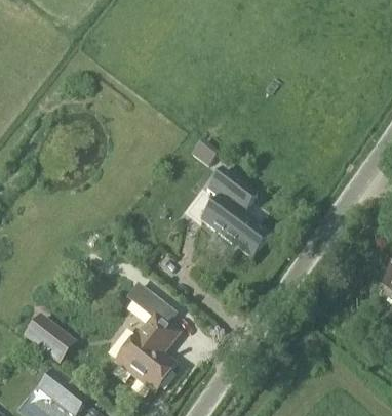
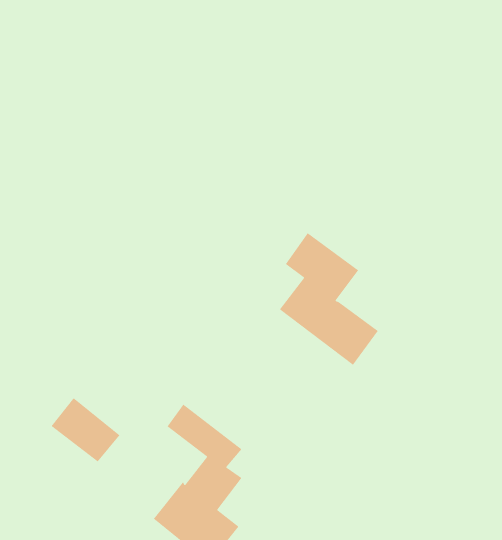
building: [26,315,73,359] -> [51,397,120,462]

